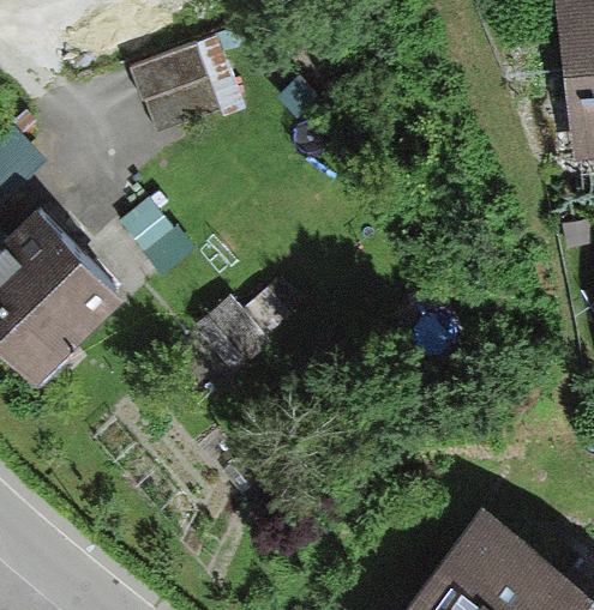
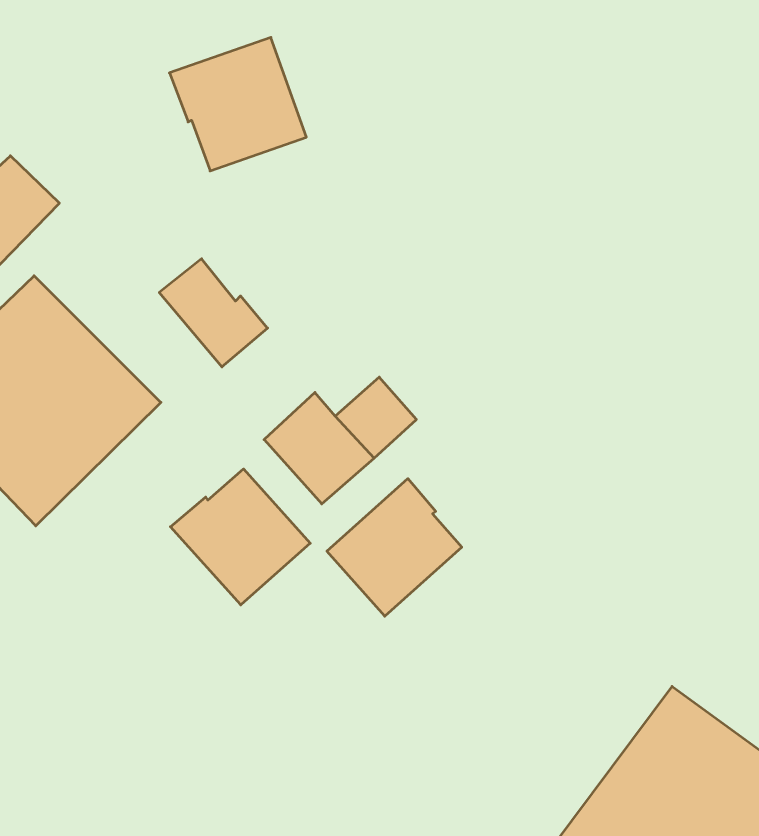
building: none -> [170,469,310,605]
building: none -> [327,479,462,616]

